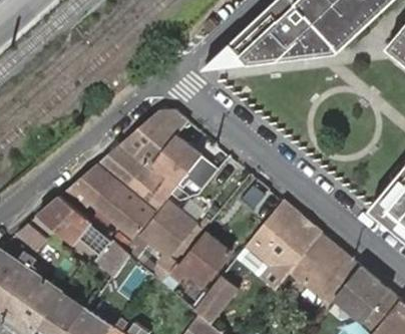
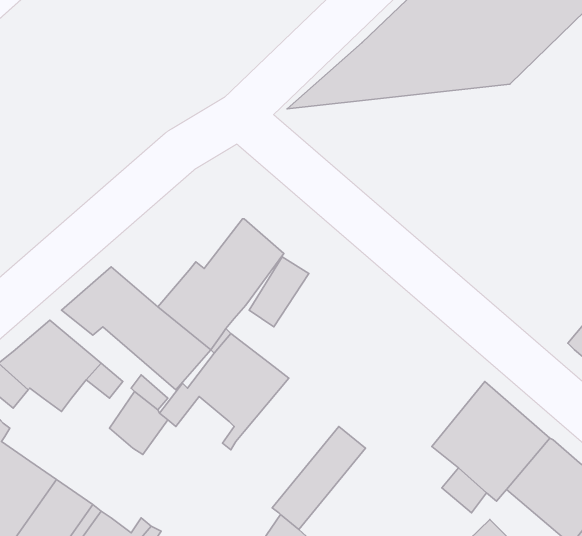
building: [96,109,187,188] -> none
building: [247,201,322,290] -> none
building: [171,234,230,285] -> none

